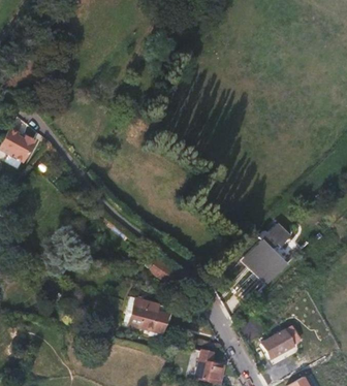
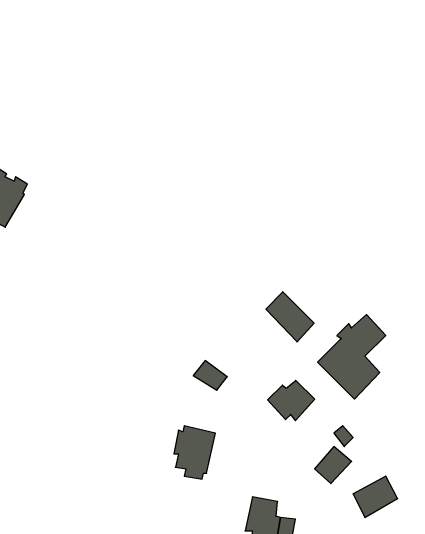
building: none -> [266,292,314,342]
building: none -> [268,380,315,421]

